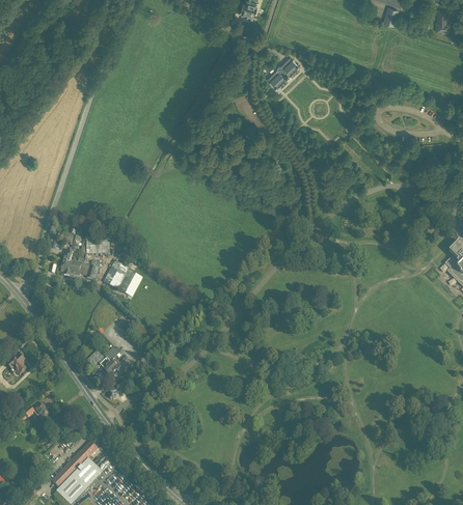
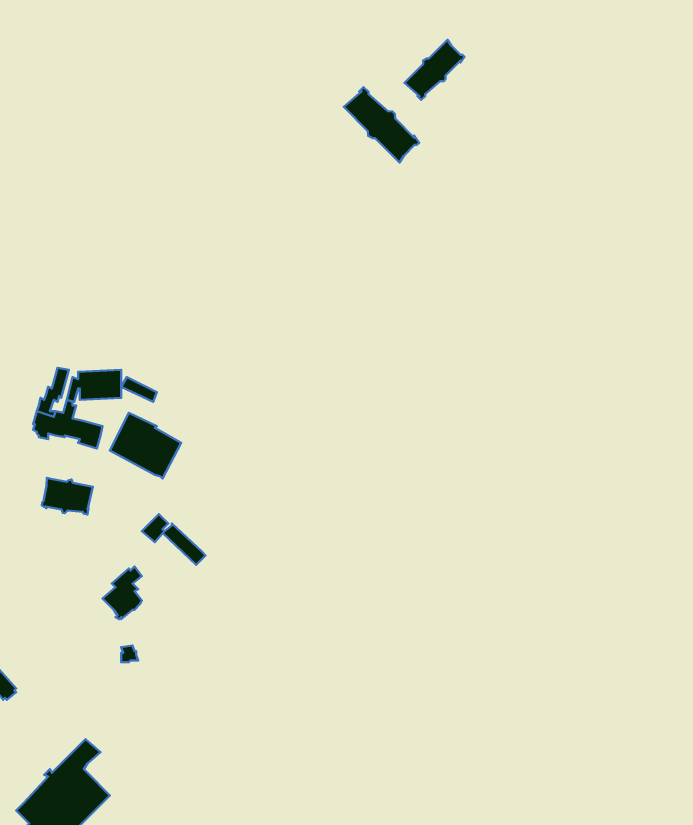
building: none -> [344,87,419,162]
building: none -> [42,478,93,514]

